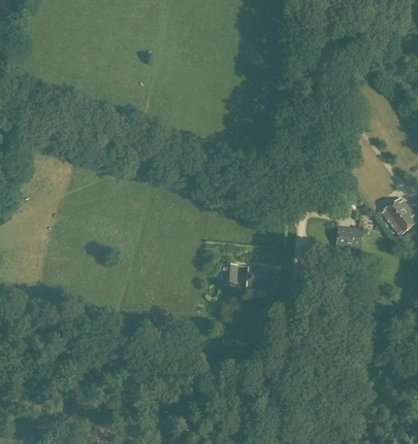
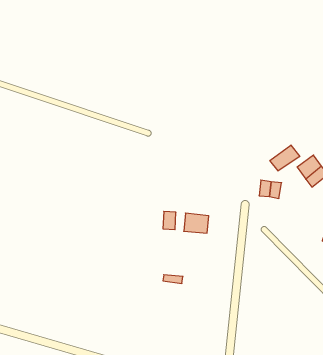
building: none -> [270,145,300,171]

